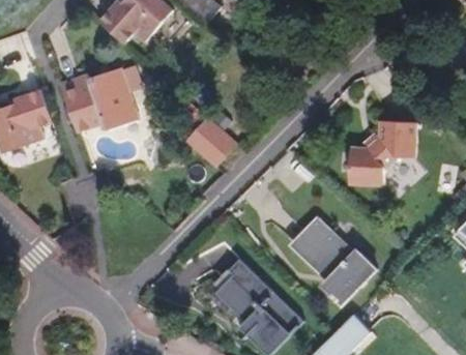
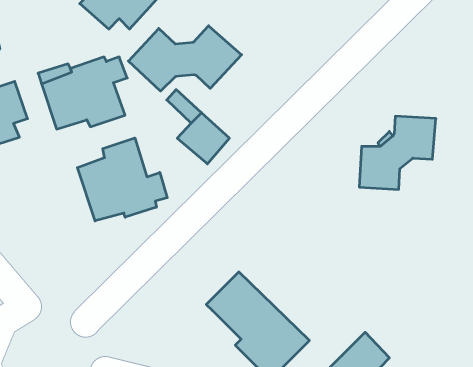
building: none -> [128,26,242,91]
building: none -> [77,138,167,221]
building: [292,218,376,305] -> none

